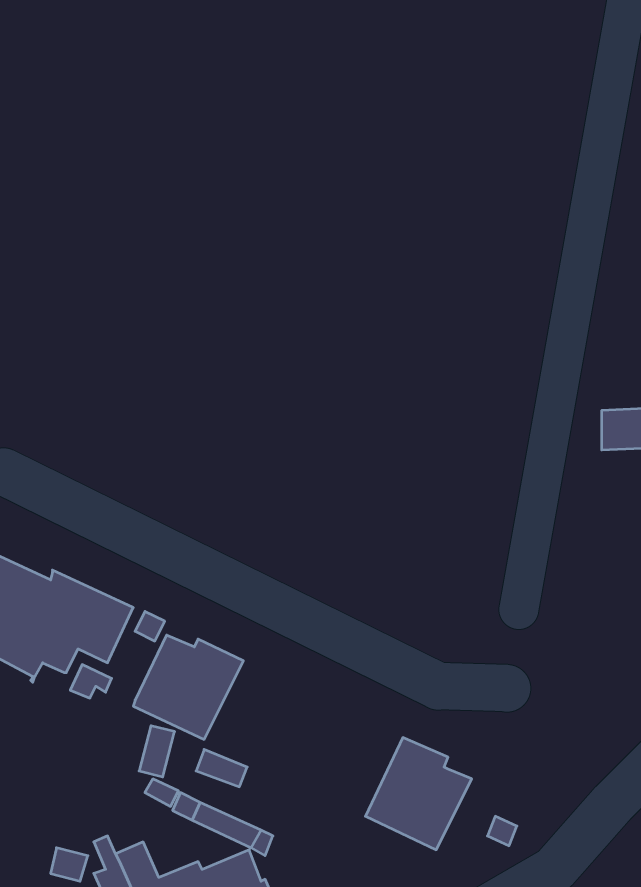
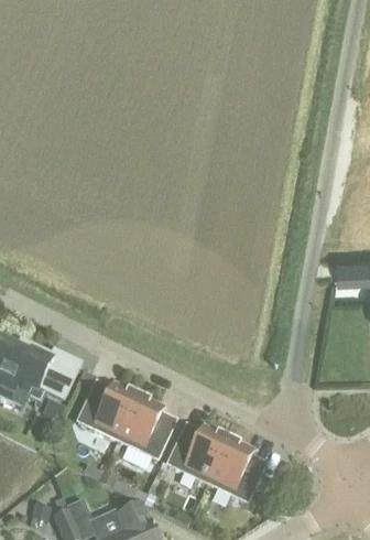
building: none -> [116,396,175,458]
building: none -> [165,423,227,483]

